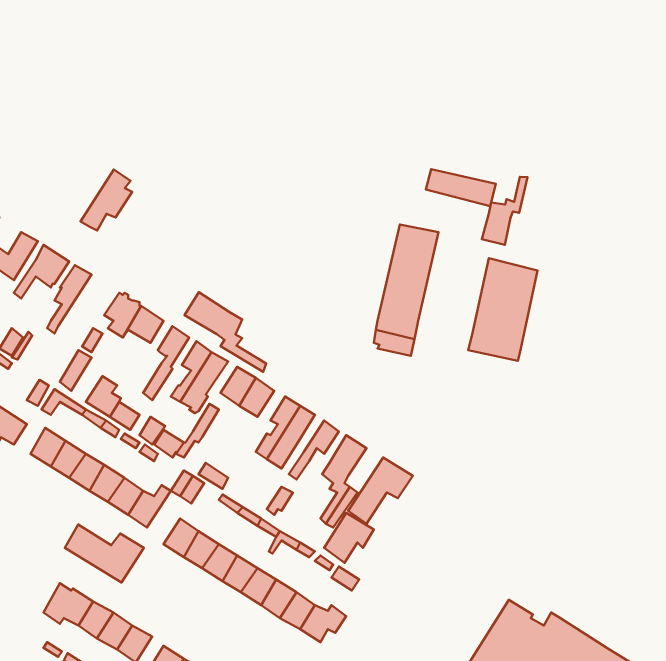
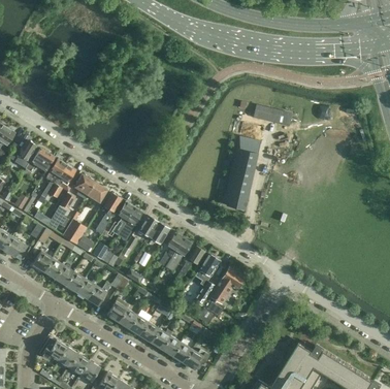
building: [80,170,132,231] -> [47,165,76,199]
building: [482,177,527,245] -> none
building: [468,258,538,361] -> none
building: [185,292,266,372] -> none
building: [65,525,144,583] -> none

